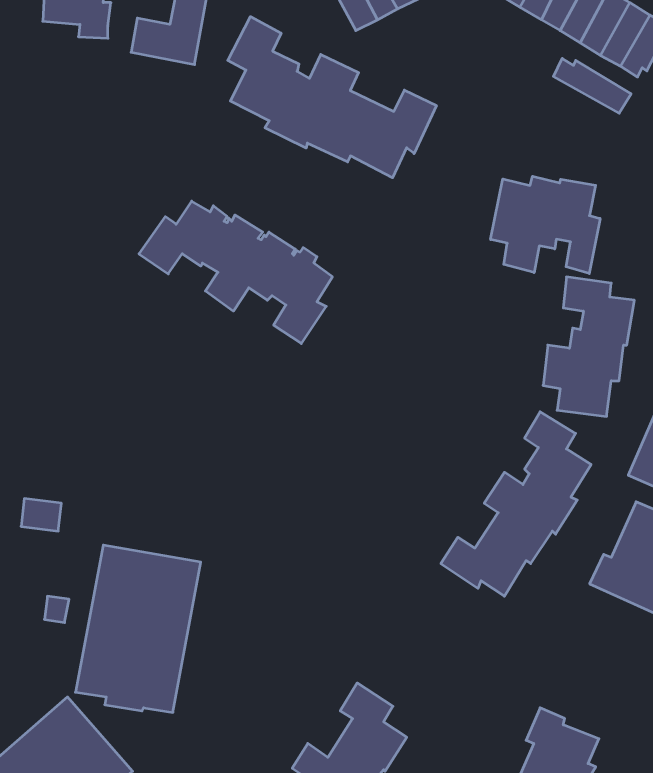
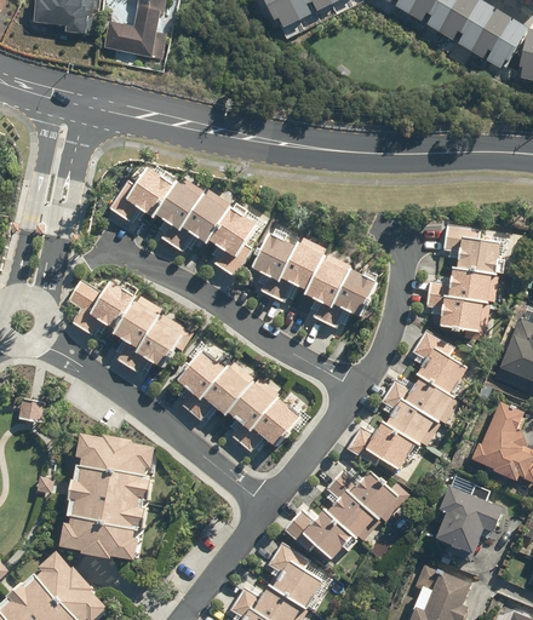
building: [228,17,436,178] -> none
building: [553,58,631,113] -> none
building: [491,176,600,274] -> none
building: none -> [252,235,374,328]
building: none -> [69,279,183,373]
building: none -> [173,350,303,450]
building: none -> [285,469,399,561]
building: none -> [432,483,503,558]

